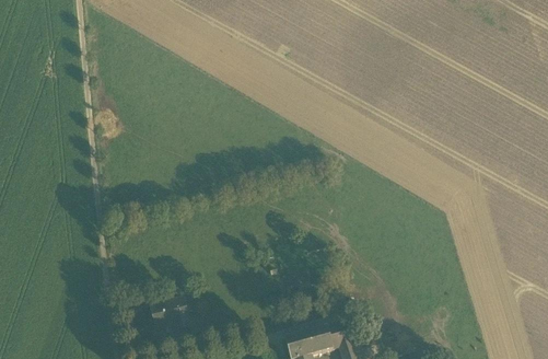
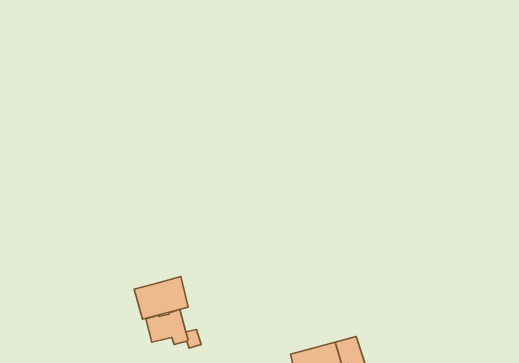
building: none -> [134,277,188,319]

